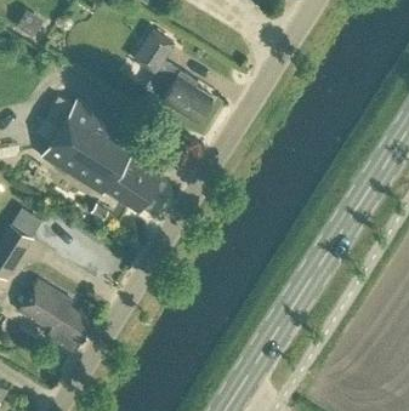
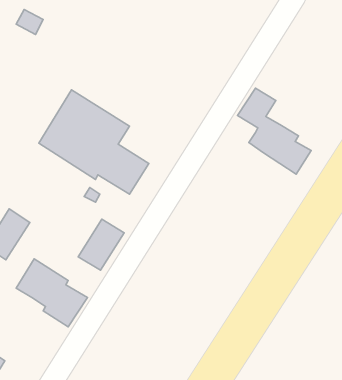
building: [134,30,212,122] -> [237,88,311,174]
building: none -> [78,219,124,270]

